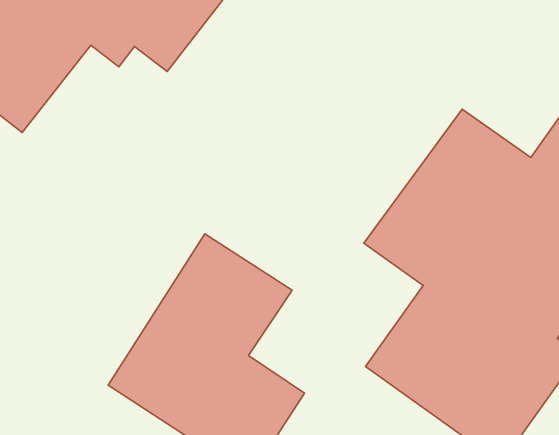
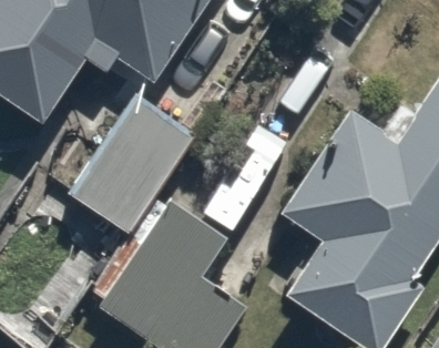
building: none -> [60,93,196,234]

